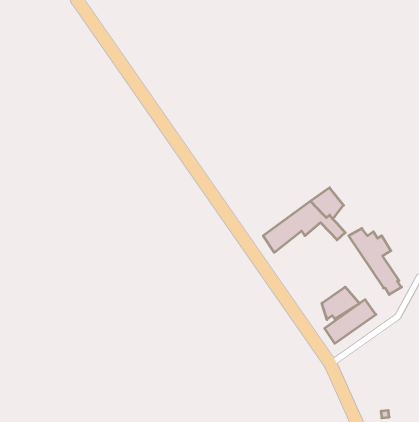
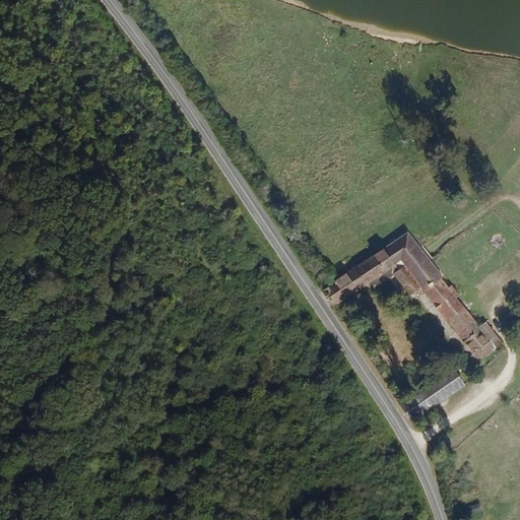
building: none -> [408,253,444,290]
building: [322,287,359,320] -> none

